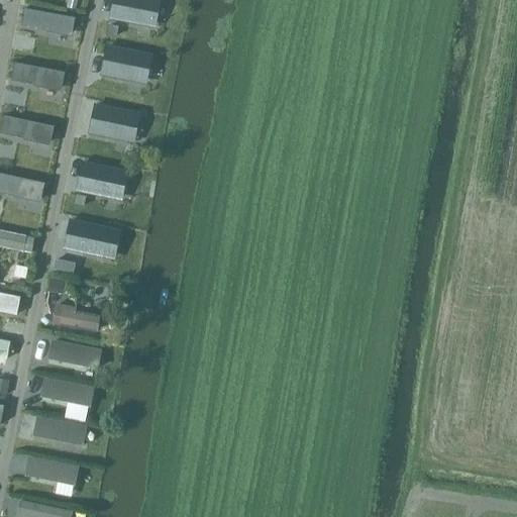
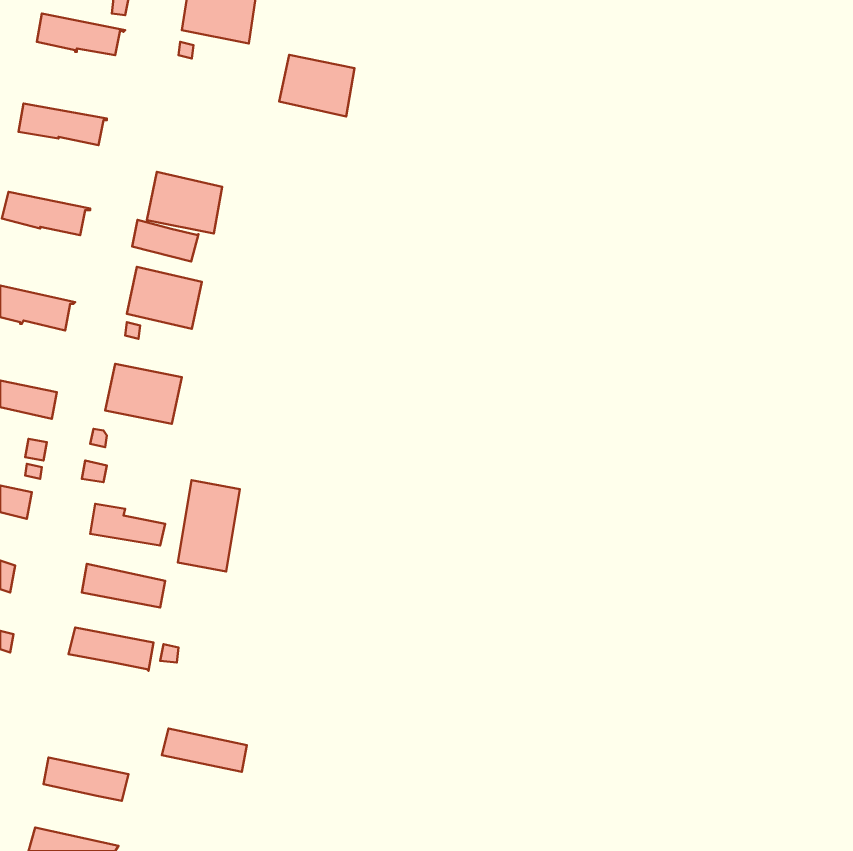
building: [101,45,146,83] -> [279,55,354,117]
building: none -> [132,220,198,261]
building: none -> [178,480,240,571]
building: [34,418,86,444] -> [162,729,247,772]

